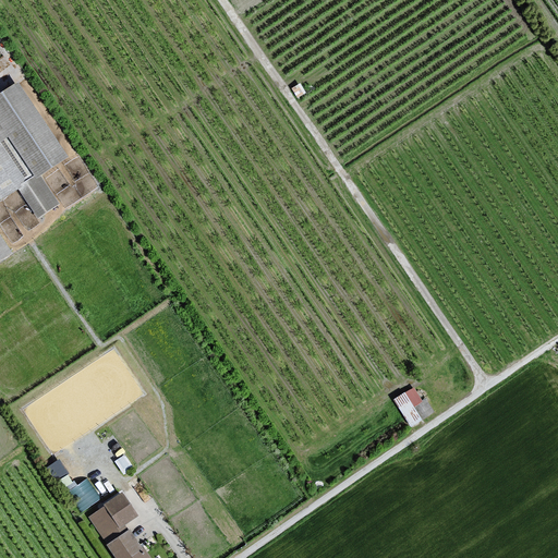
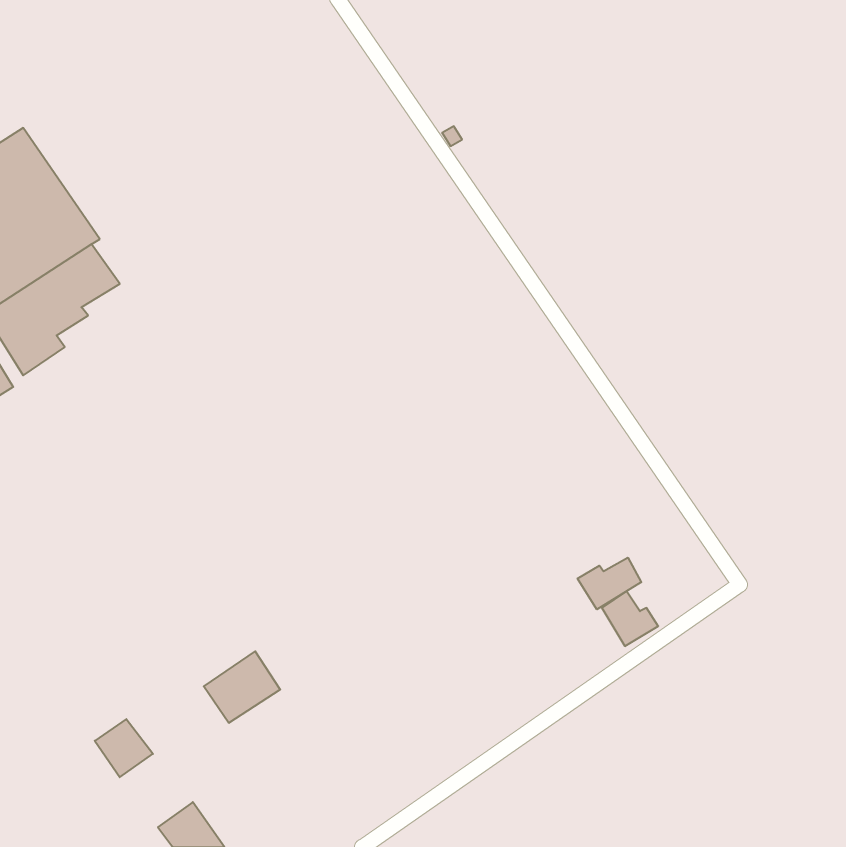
building: none -> [578,558,641,609]
building: [85,489,135,536] -> [204,651,280,723]

